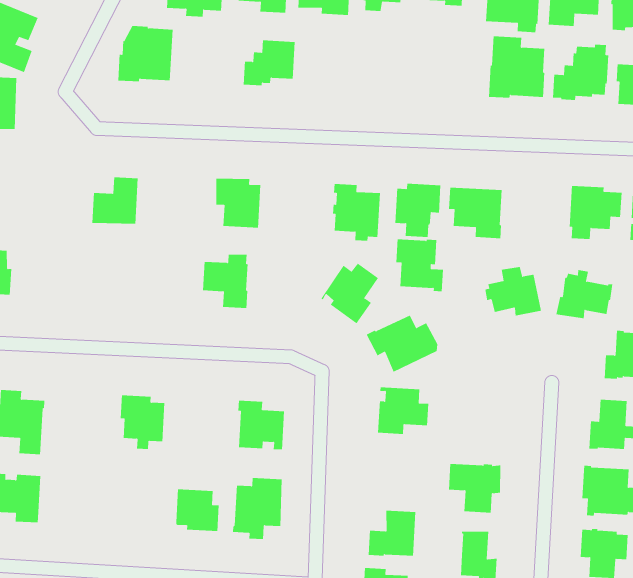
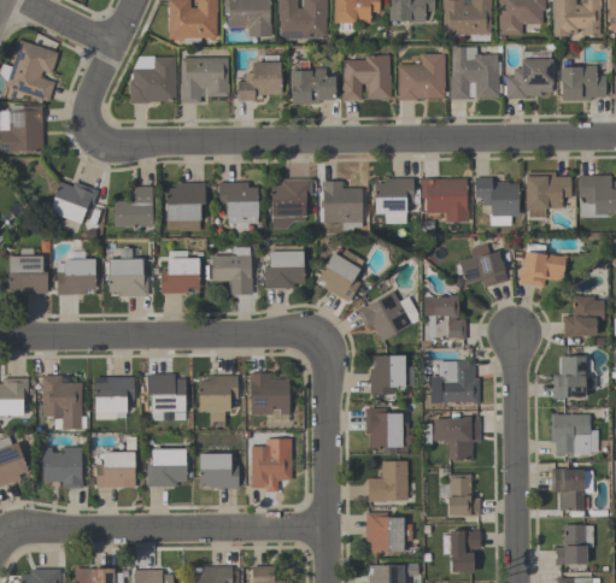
building: none -> [180,58,229,102]
building: none -> [341,57,391,101]
building: none -> [398,54,444,100]
building: none -> [289,69,335,104]
building: none -> [48,182,98,225]
building: none -> [166,183,205,231]
building: none -> [271,179,310,230]
building: none -> [475,178,520,226]
building: [395,239,444,292] -> [423,295,465,340]
building: none -> [108,246,148,296]
building: none -> [57,258,95,294]
building: none -> [264,246,304,289]
building: none -> [160,258,199,294]
building: none -> [95,378,134,420]
building: none -> [430,361,479,404]
building: none -> [198,376,237,422]
building: none -> [365,408,412,454]
building: none -> [95,452,135,488]
building: none -> [147,449,186,487]

